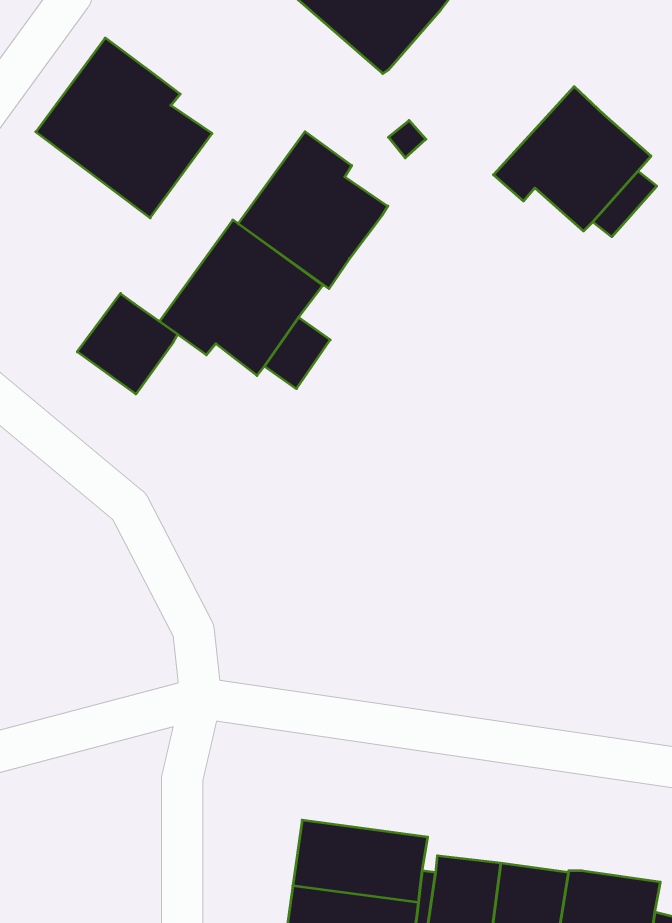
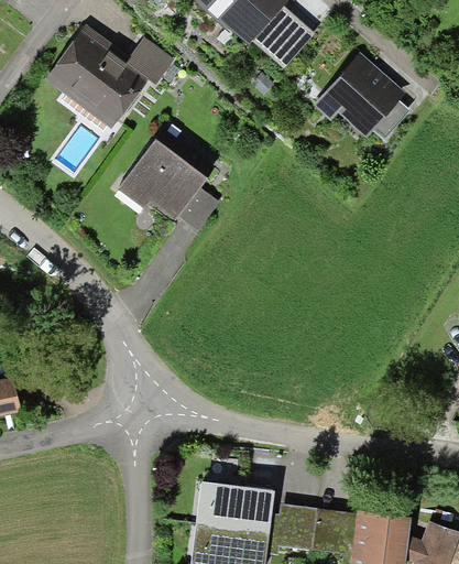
building: none -> [251,7,312,68]
building: none -> [123,36,174,85]
building: [238,132,388,289] -> none
building: [77,293,178,394] -> none

